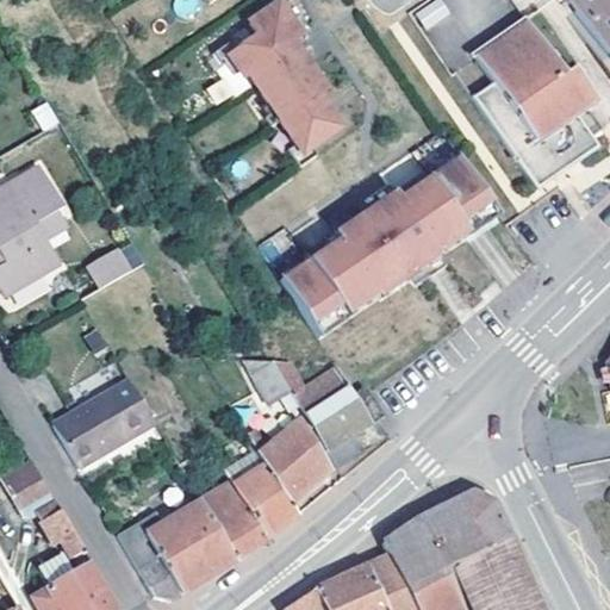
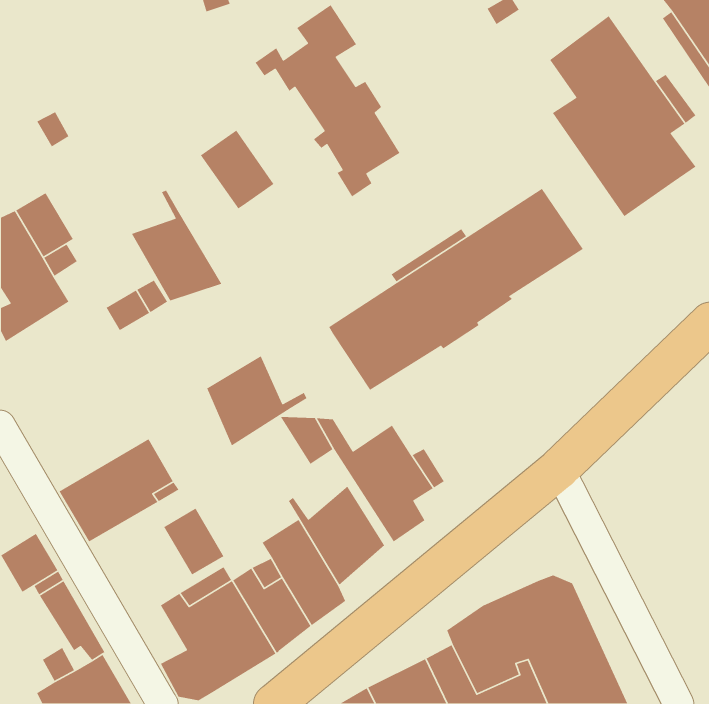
building: none -> [200,130,275,210]
building: none -> [131,189,222,301]
building: none -> [206,355,308,446]
building: none -> [163,508,224,575]

